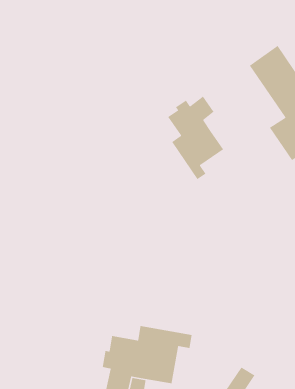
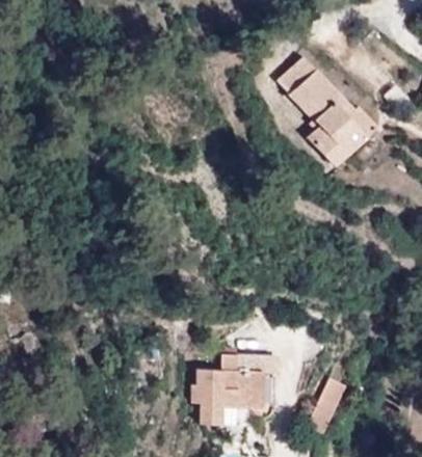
building: [167,95,224,180] -> none

